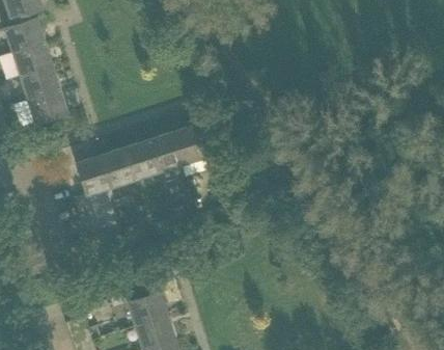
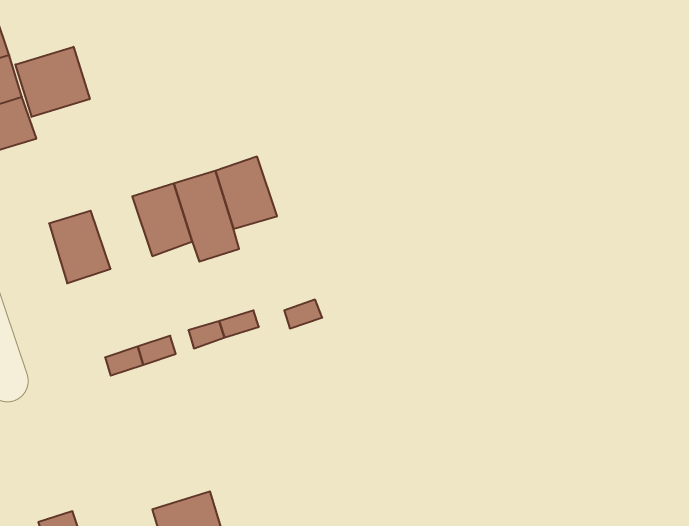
building: none -> [15,47,90,117]
building: [99,146,137,199] -> none
building: [126,291,167,326] -> none

